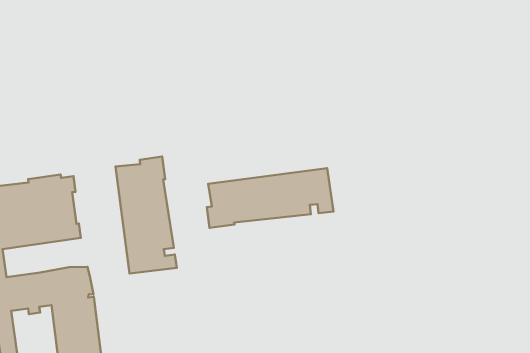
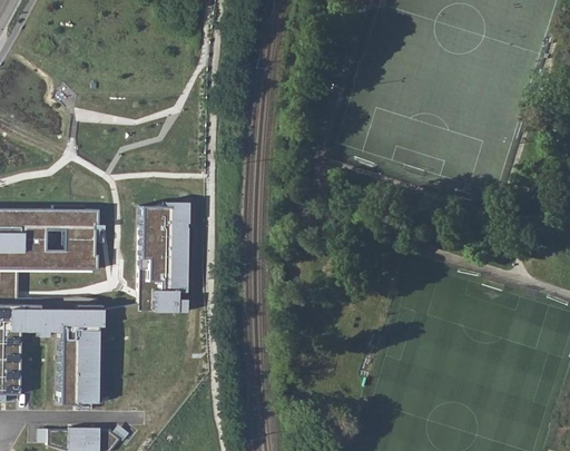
building: [207,168,334,228] -> none

